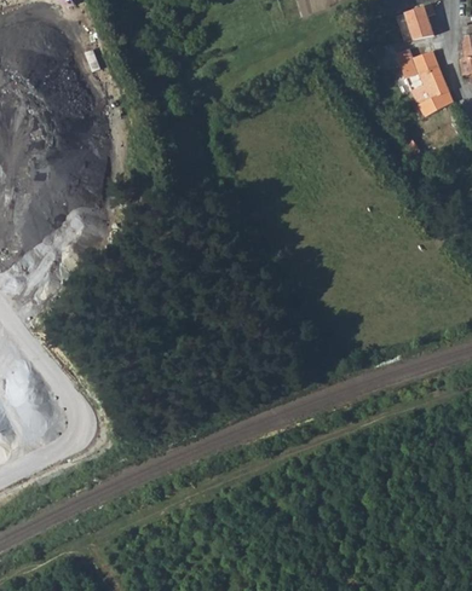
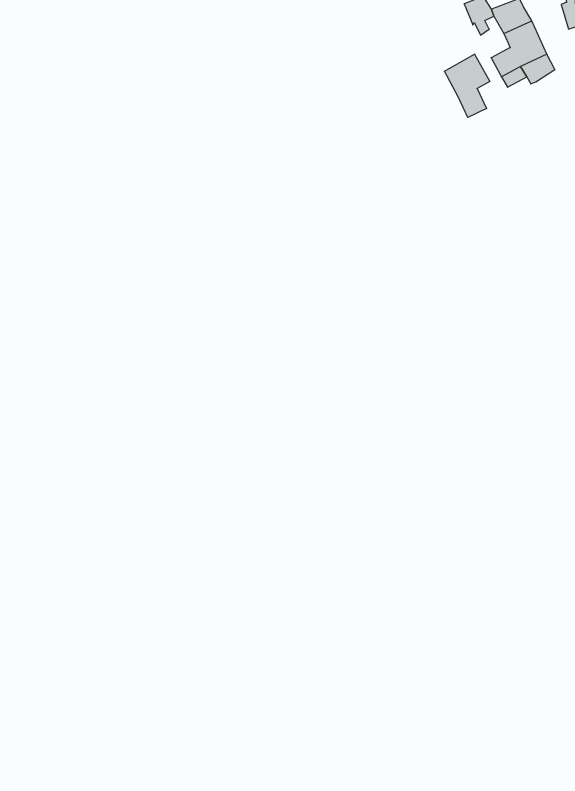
building: none -> [444,54,490,117]

